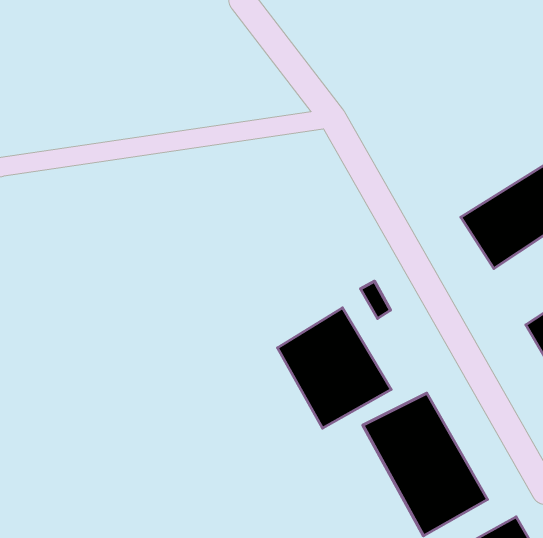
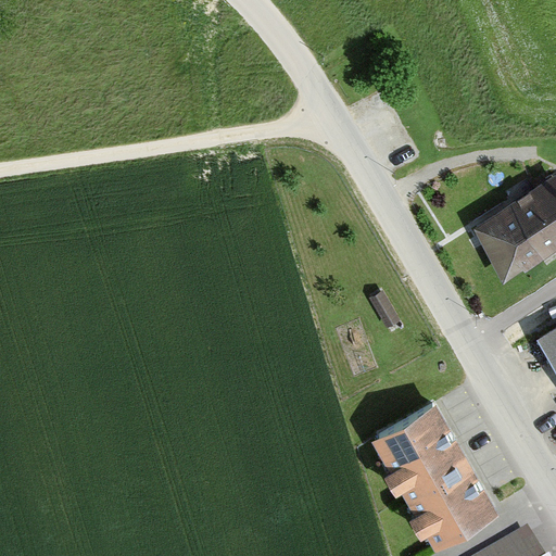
building: [277,308,391,428] -> none

